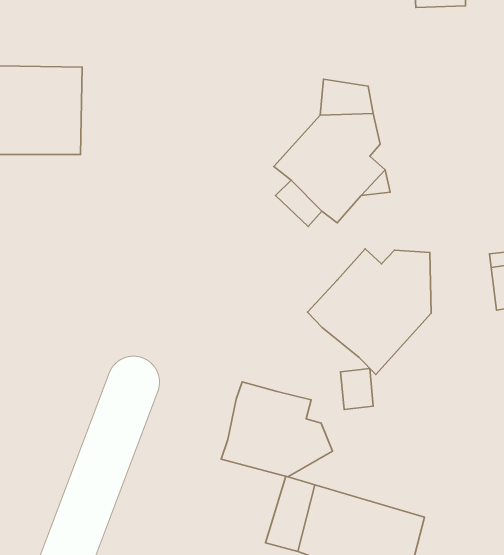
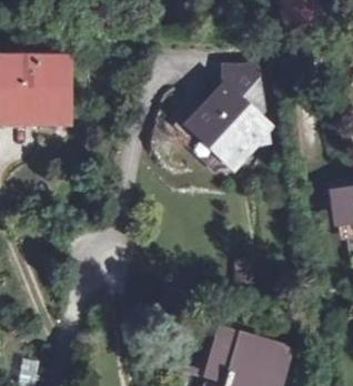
building: [308,249,431,374] -> none
building: [221,382,333,477] -> none

